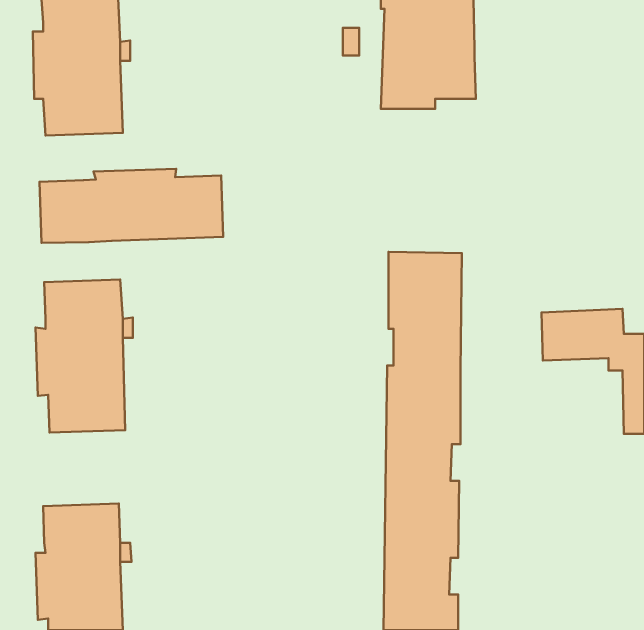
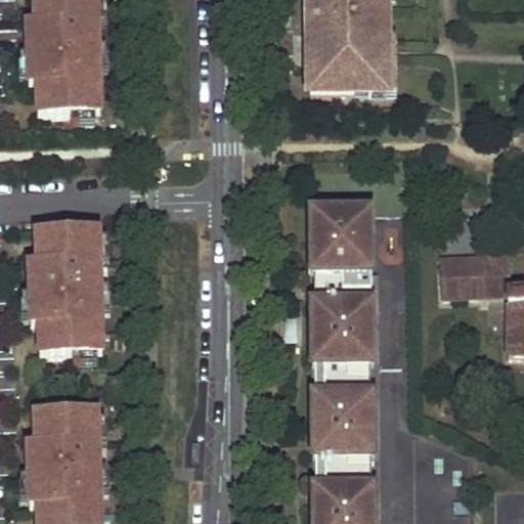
building: [39,169,223,243] -> none

